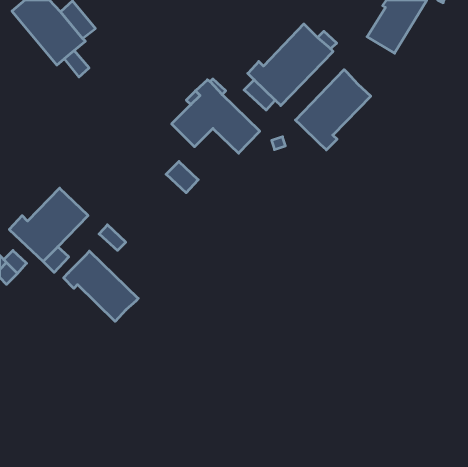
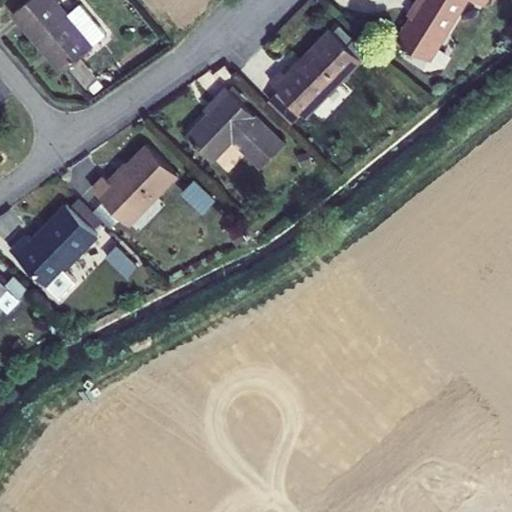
building: [295,70,371,150] -> none
building: none -> [91,146,178,224]
building: [64,251,138,321] -> none

